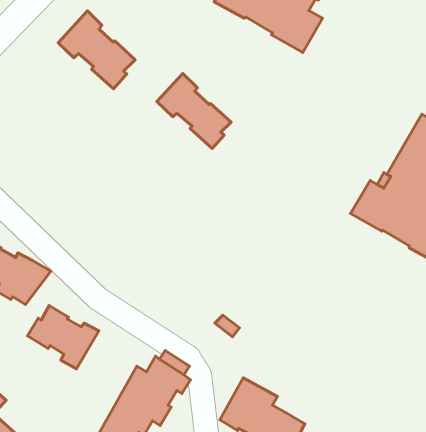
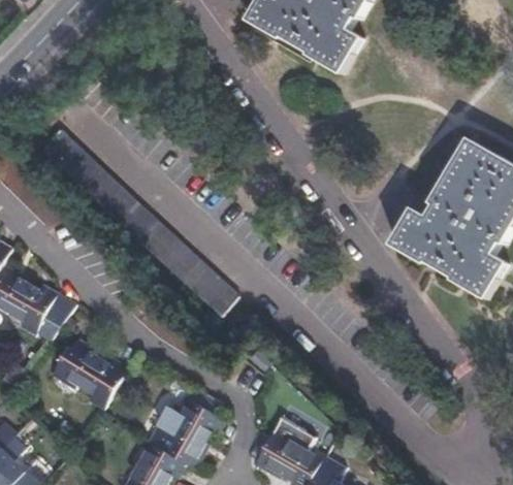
building: [58,11,135,89] -> none
building: [157,73,231,149] -> none
building: none -> [35,129,233,316]

